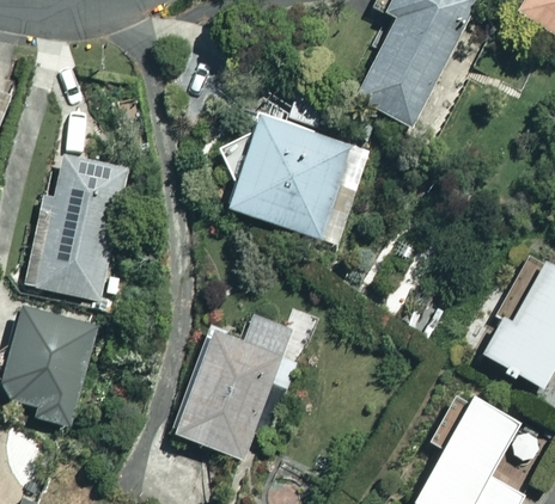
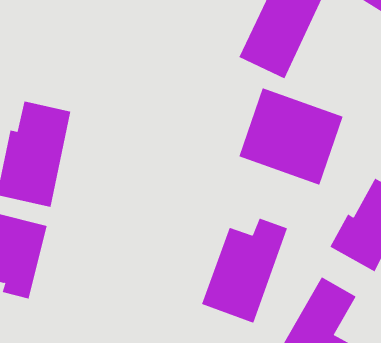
building: [227,113,371,247] -> [238,88,343,185]
building: [172,315,291,460] -> [201,218,288,323]

